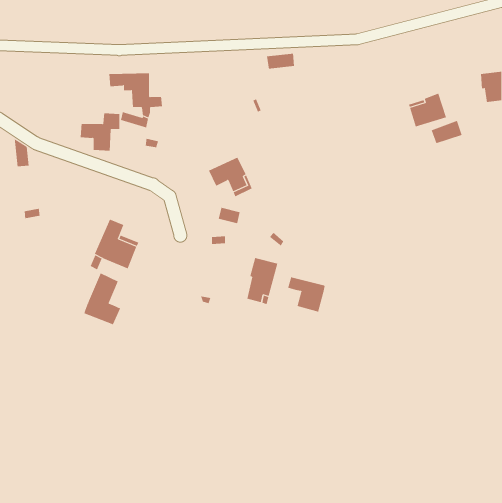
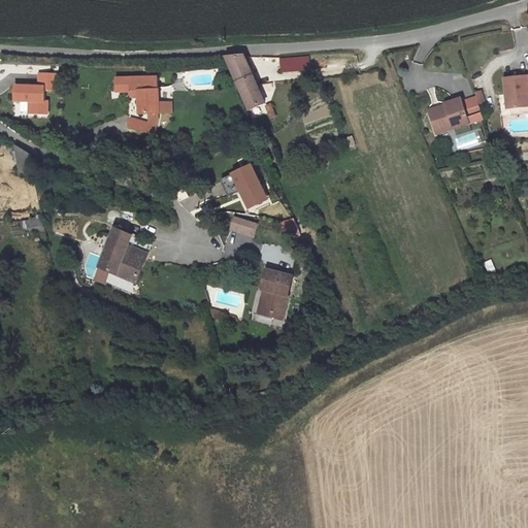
building: none -> [226,55,263,109]
building: none -> [459,93,483,123]
building: [80,113,120,151] -> [14,72,57,112]
building: [83,273,121,325] -> none
building: [288,277,326,313] -> none

